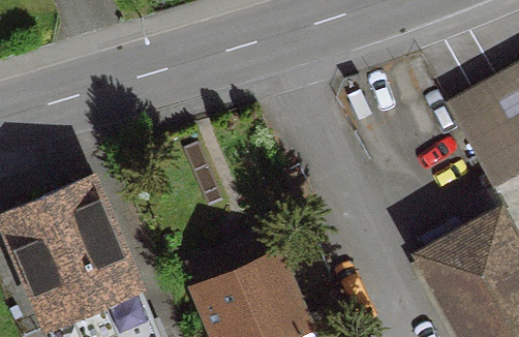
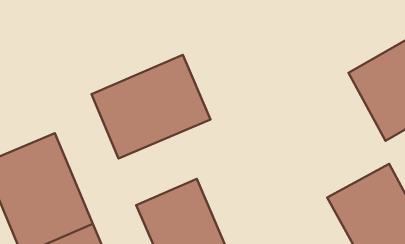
building: none -> [91,55,211,158]

